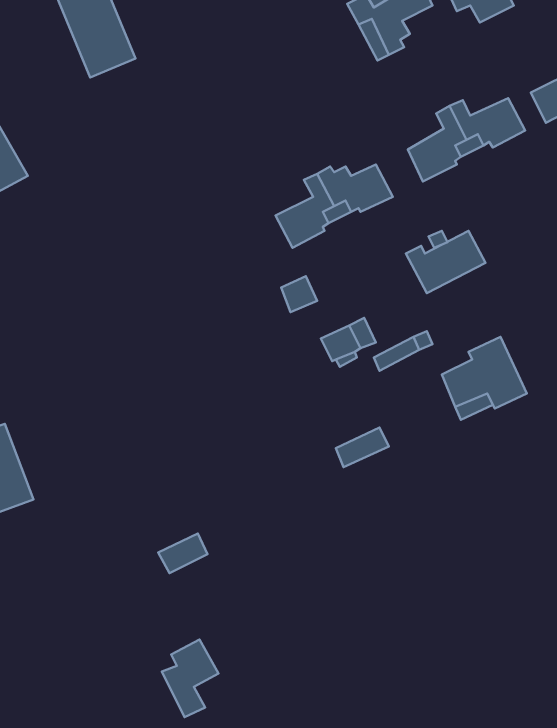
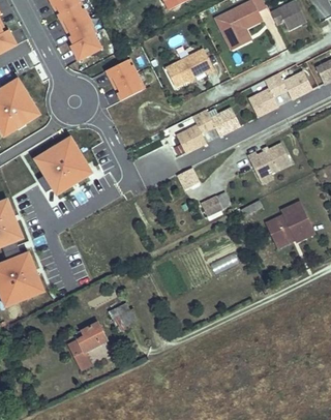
building: none -> [166,49,214,86]
building: none -> [103,56,144,99]
building: none -> [30,132,92,194]
building: [162,639,218,717] -> [67,327,98,369]

